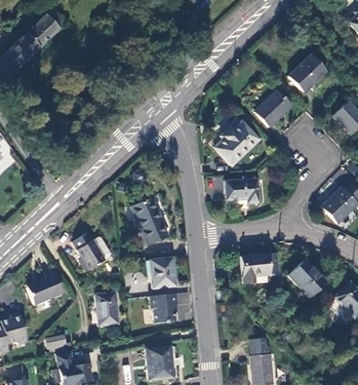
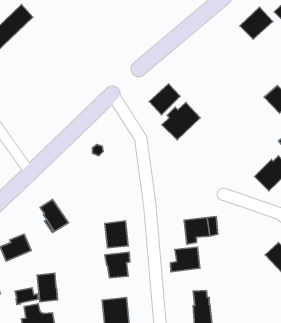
building: [288,54,326,91] -> [240,7,273,39]
building: [254,91,290,127] -> [149,84,180,115]
building: [226,179,258,203] -> none
building: [130,198,168,249] -> none
building: [288,260,326,297] -> none
building: none -> [171,247,200,272]
building: [95,293,119,325] -> [37,273,58,302]

